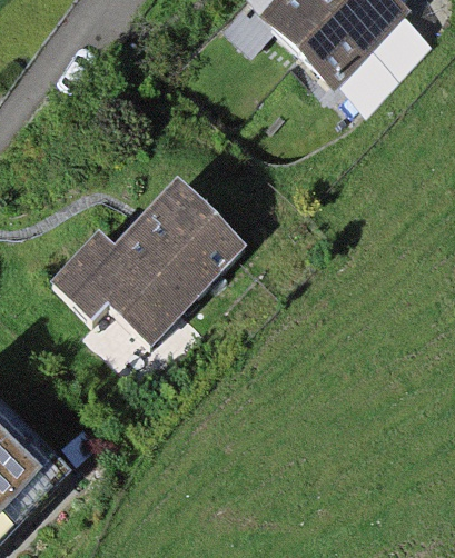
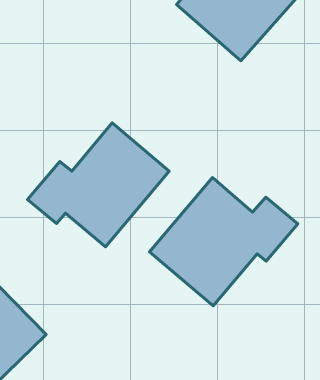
building: none -> [150,178,298,306]

